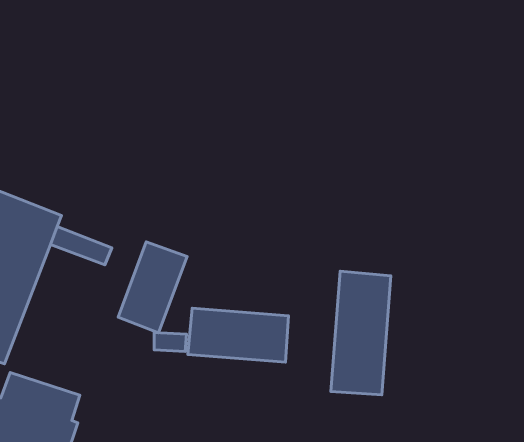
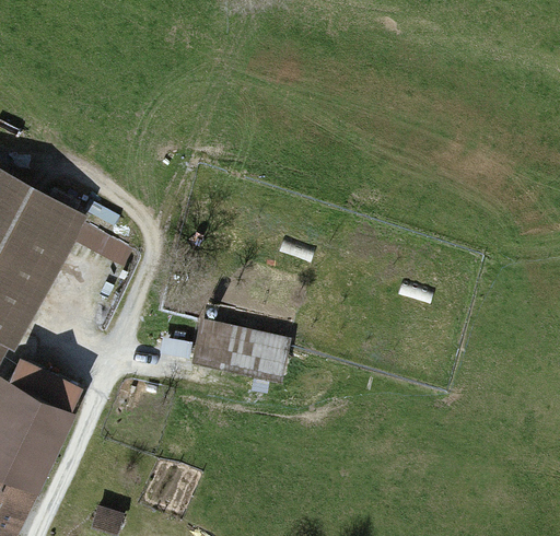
building: [118,242,187,333] -> none
building: [331,271,391,395] -> none

